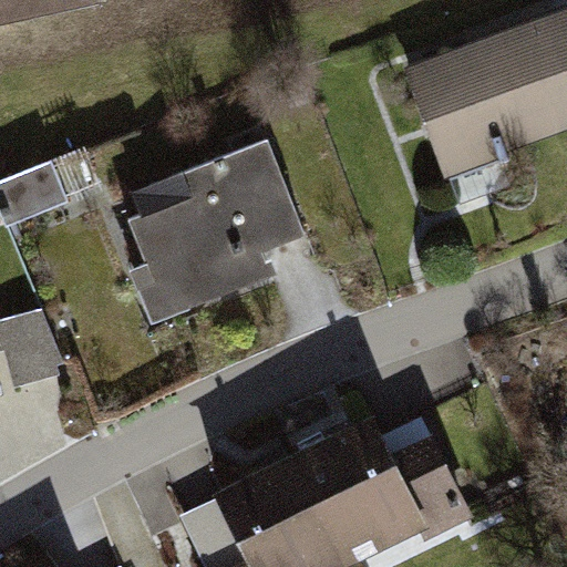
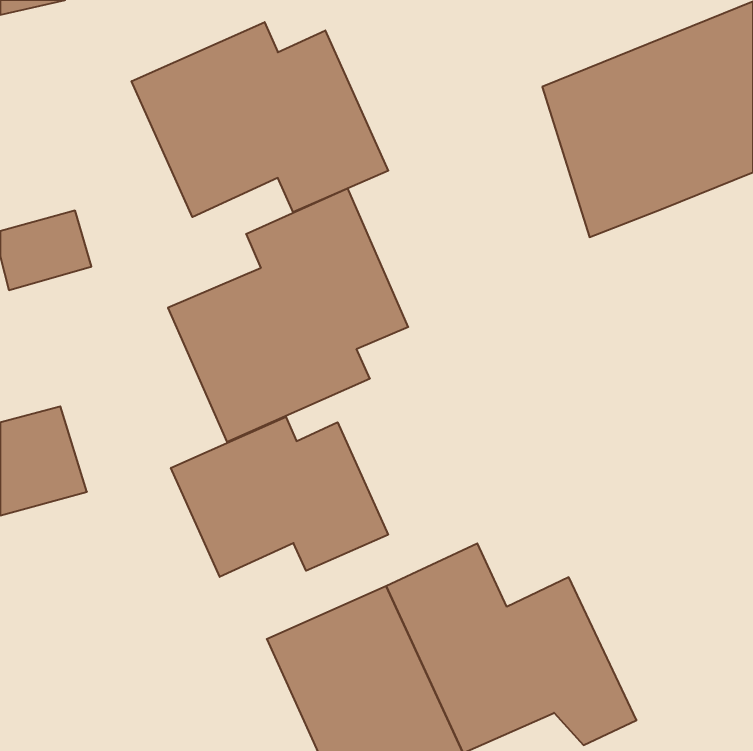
building: none -> [132,22,388,217]
building: none -> [171,417,388,577]

